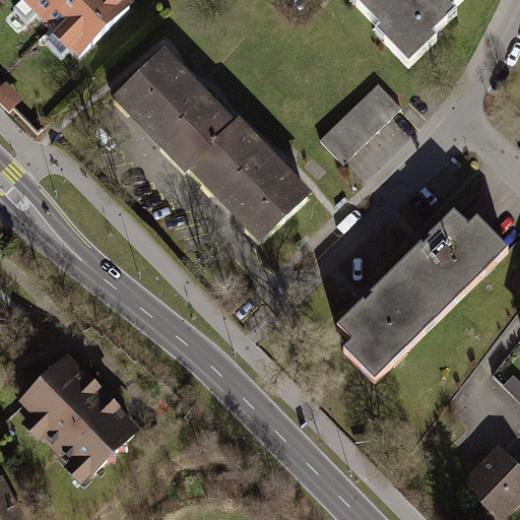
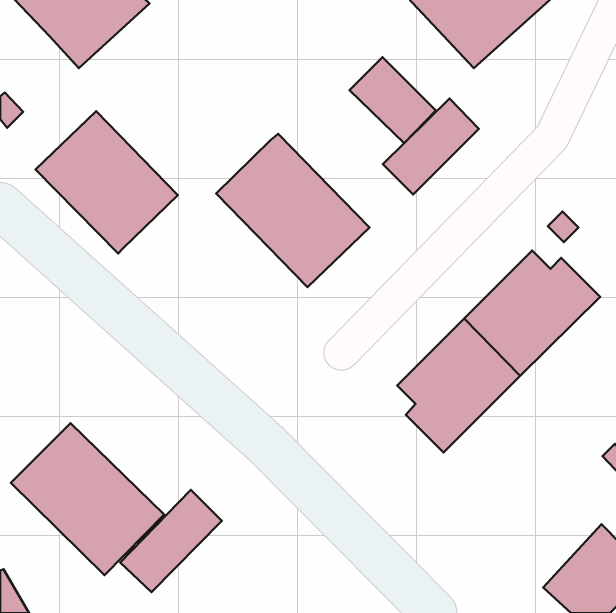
building: [112,47,231,166] -> [36,111,178,253]
building: none -> [350,57,436,143]
building: none -> [120,490,222,592]

